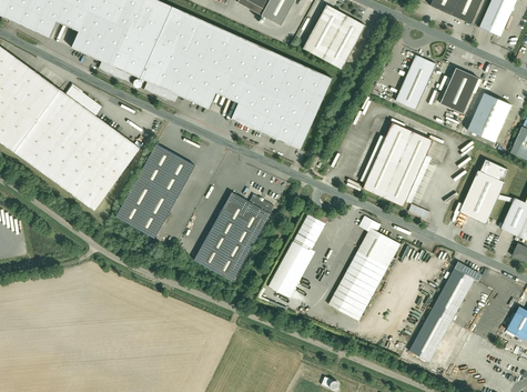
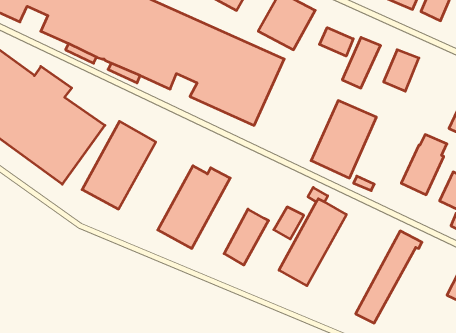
building: none -> [319,28,353,56]
building: [466,91,510,141] -> none
building: [294,213,326,248] -> [274,207,304,239]

